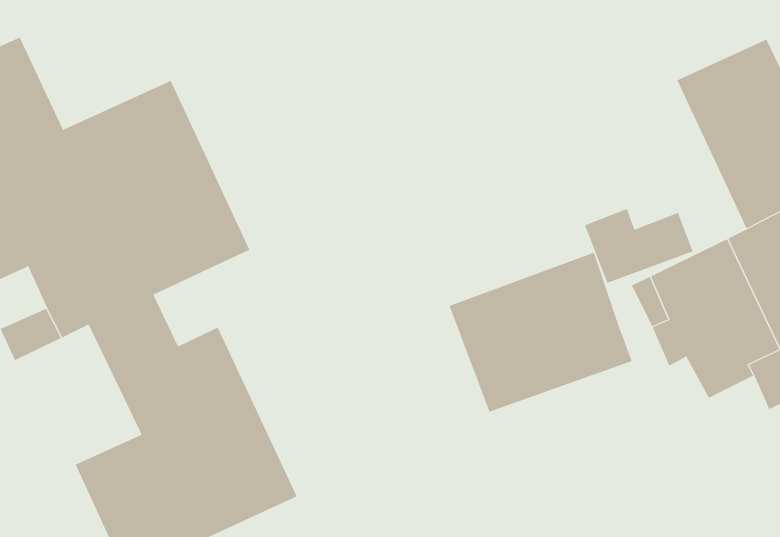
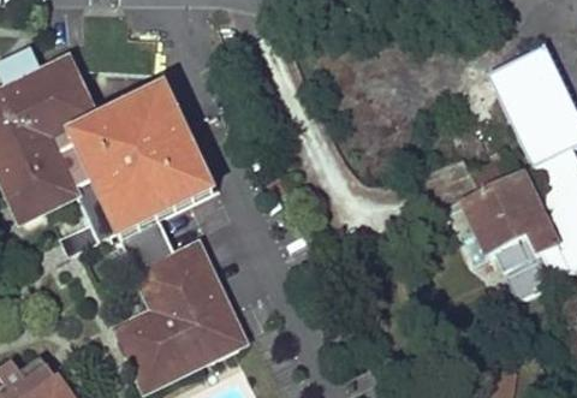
building: [449,252,632,412] -> none

